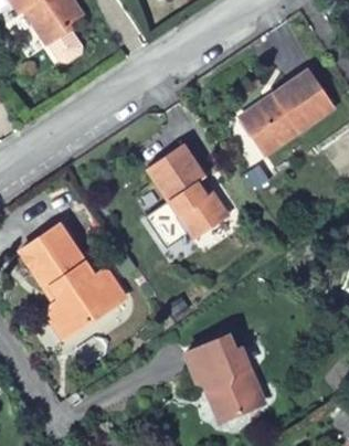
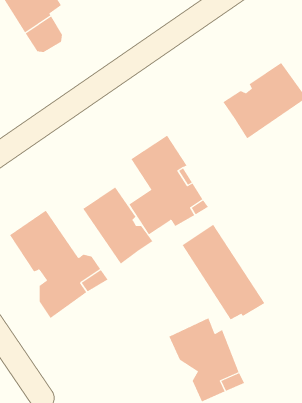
building: none -> [82,187,153,265]
building: none -> [182,224,265,320]

